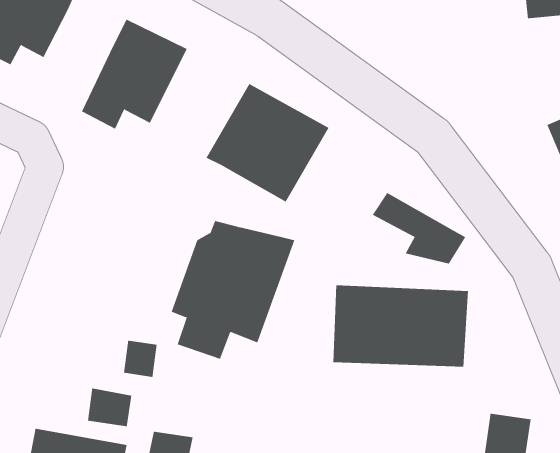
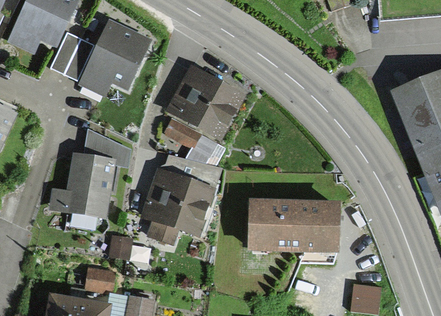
building: none -> [51,33,94,81]
building: none -> [49,129,131,218]
building: [372,192,466,264] -> [163,118,226,166]

